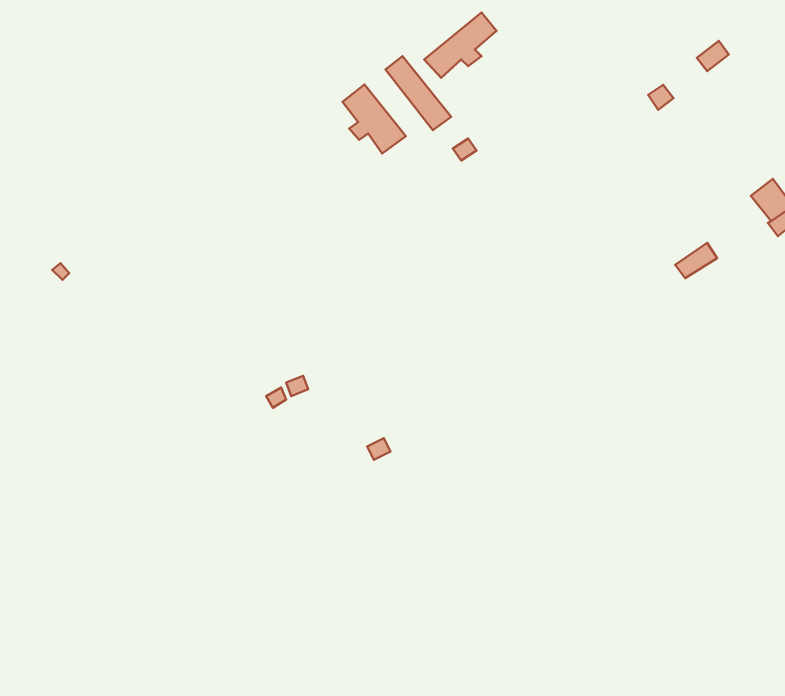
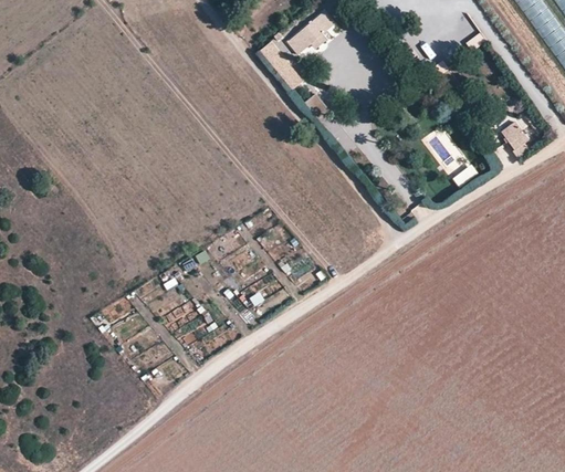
building: [343,84,406,154] -> none

